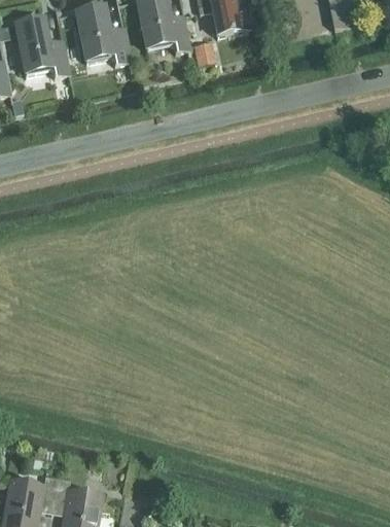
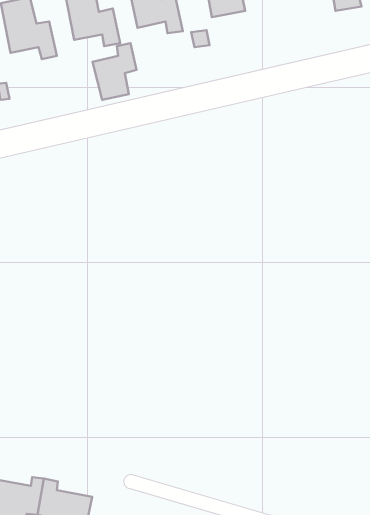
building: none -> [93,43,136,100]

